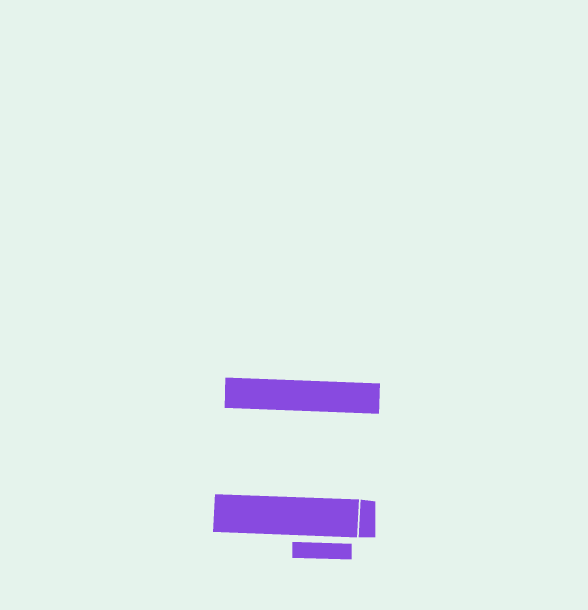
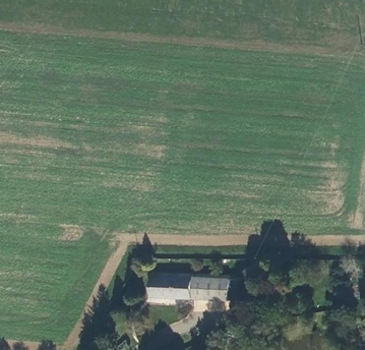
building: [224,377,380,414] -> none

